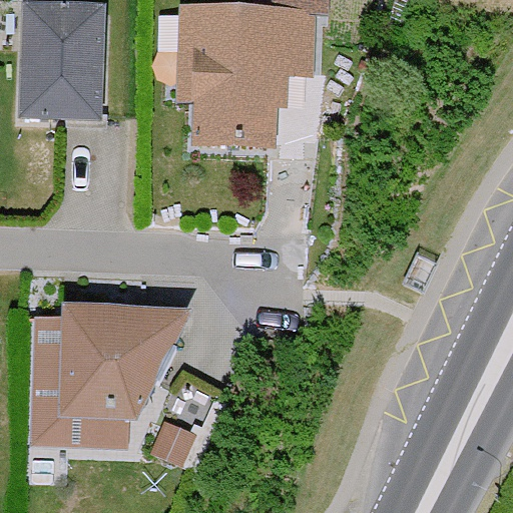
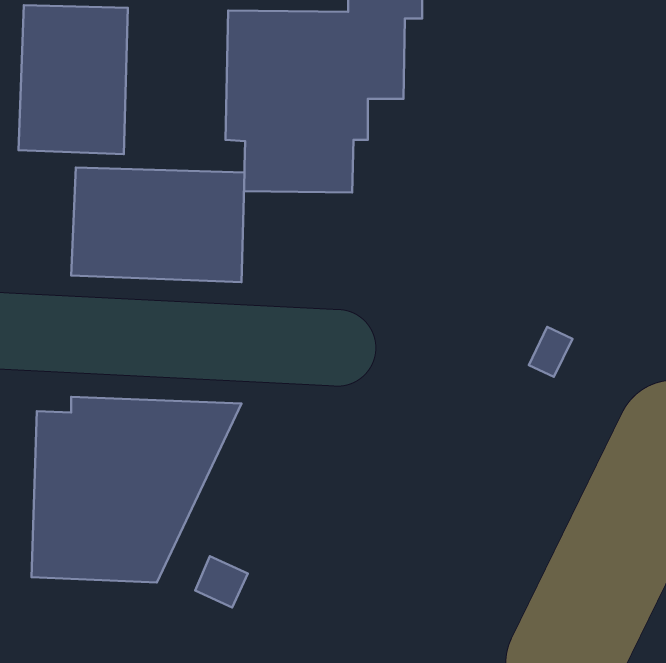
building: none -> [71,167,244,282]

